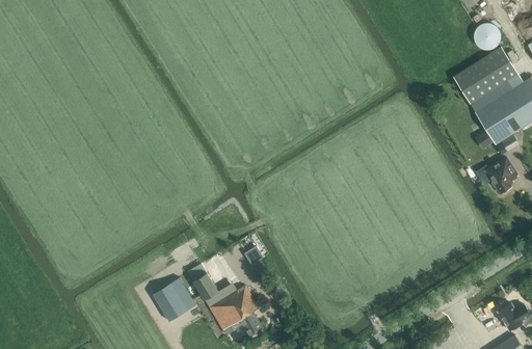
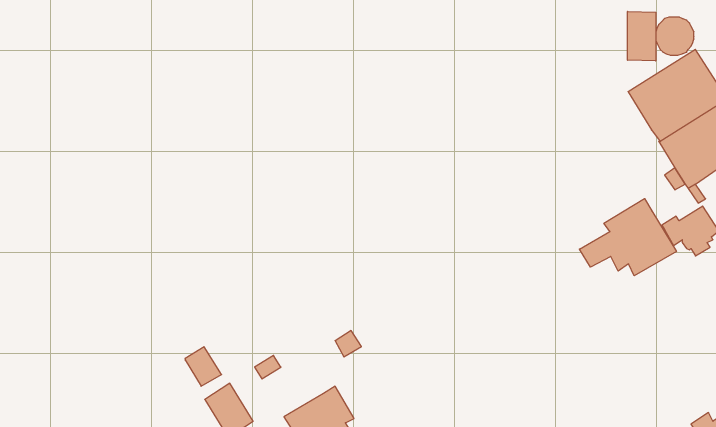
building: none -> [628,11,656,61]
building: none -> [579,199,676,276]
building: [193,272,219,300] -> [185,347,222,386]

